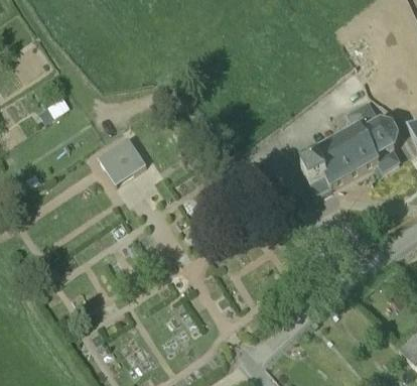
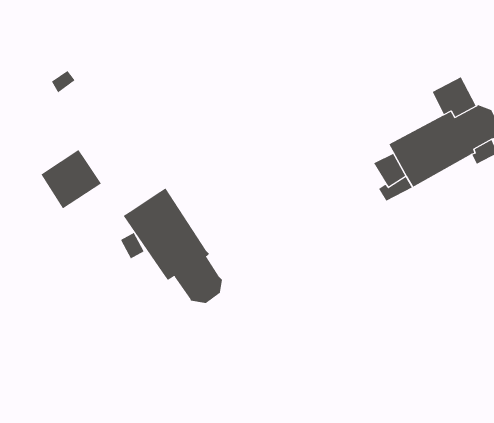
building: [99,136,147,183] -> [41,149,102,209]
building: none -> [123,187,222,304]

